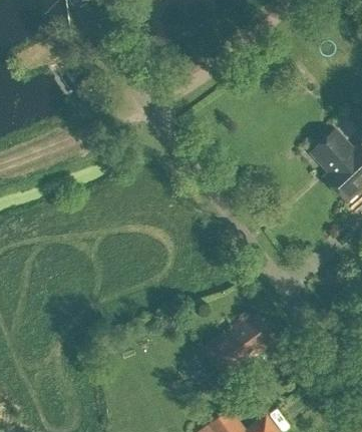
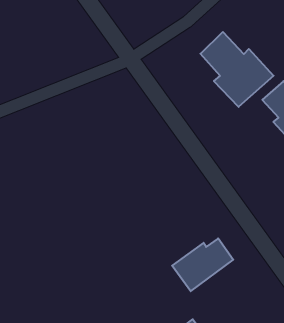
building: none -> [200,32,274,107]

